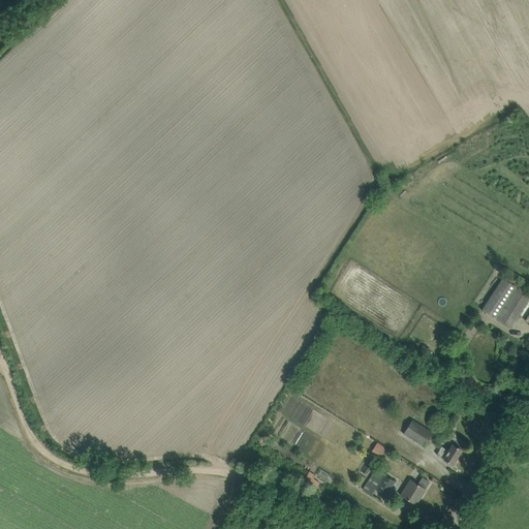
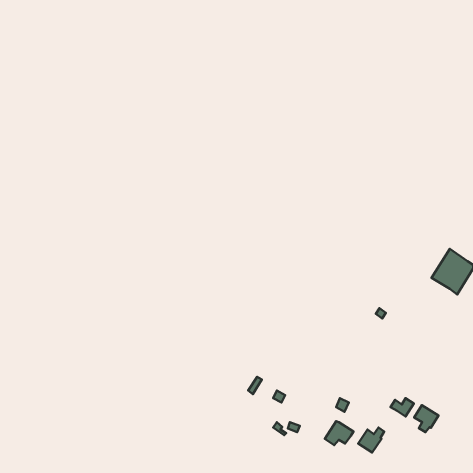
building: [403,419,433,447] -> none
building: none -> [414,405,438,432]

